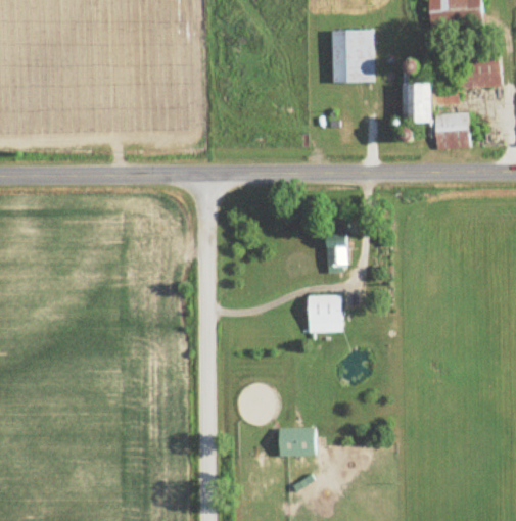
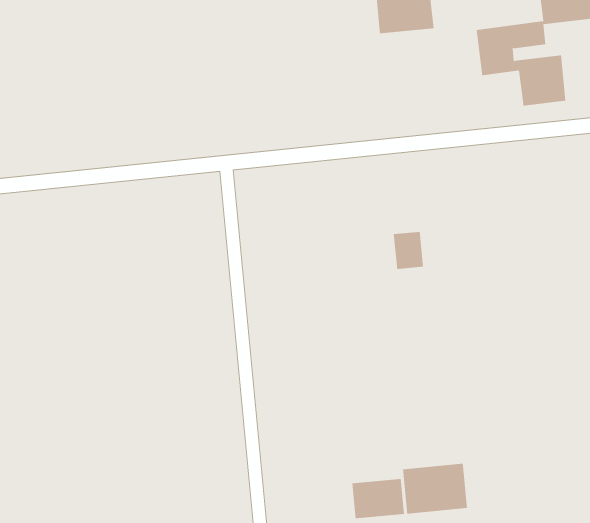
building: [308,296,341,333] -> none
building: none -> [402,463,467,514]

